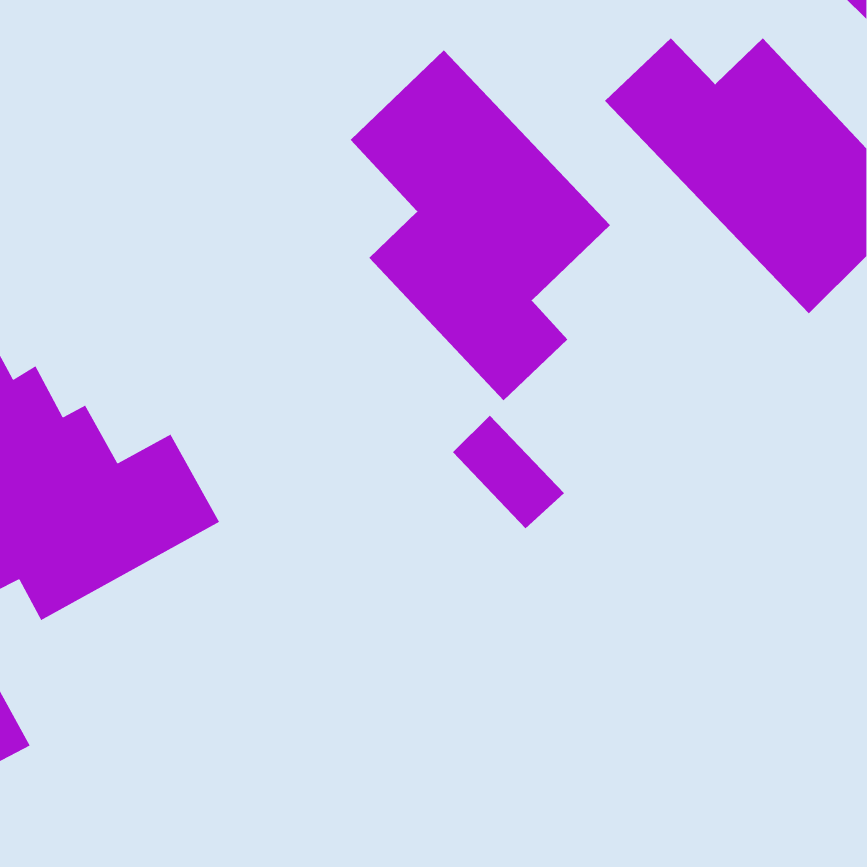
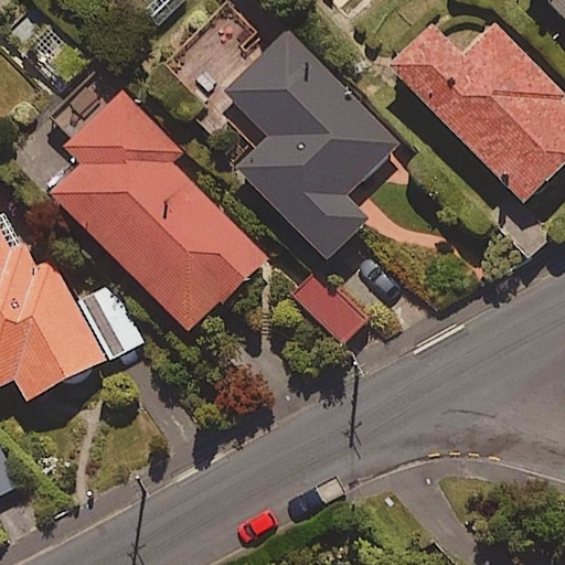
building: none -> [52,93,265,333]

